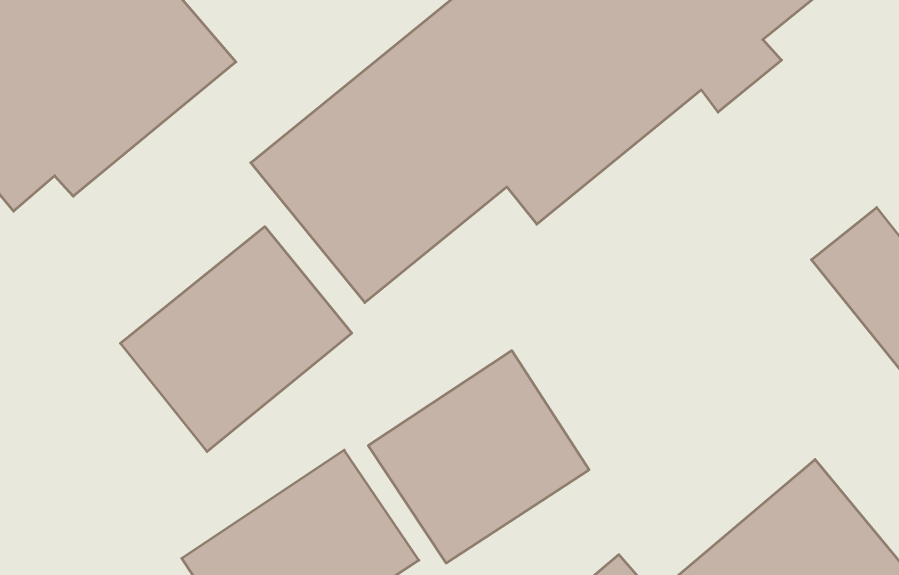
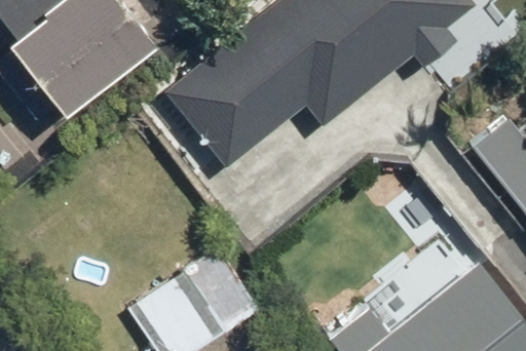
building: [120,227,352,452] -> none
building: [368,351,589,563] -> none

